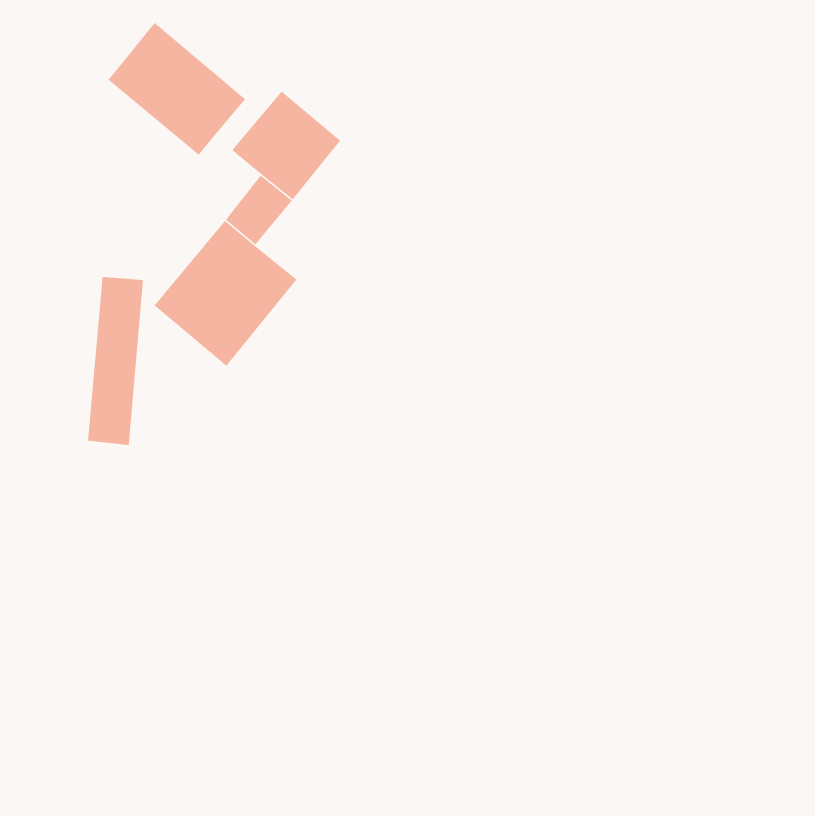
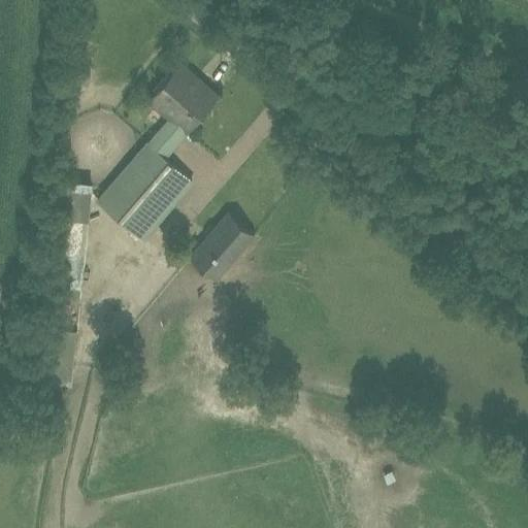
building: [107,22,246,156] -> none
building: none -> [190,216,253,280]

